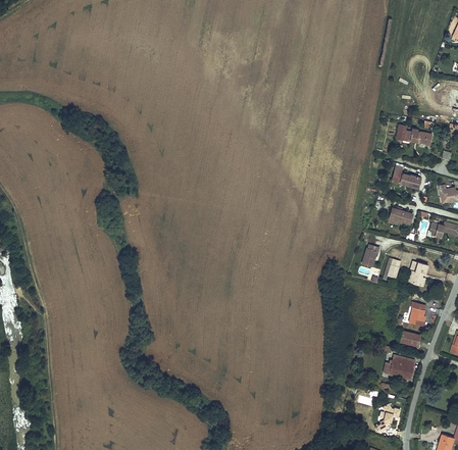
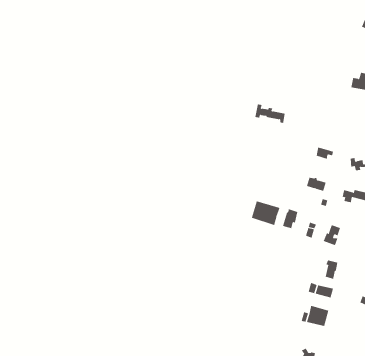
building: [397,126,432,148] -> [254,104,286,123]
building: none -> [251,201,280,226]

